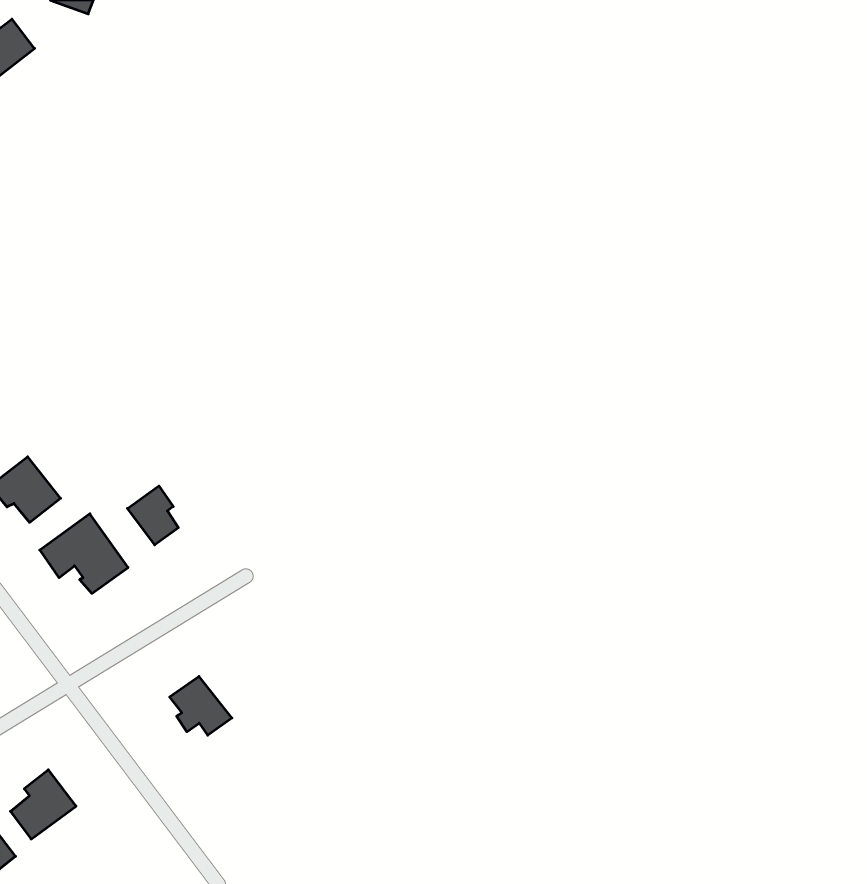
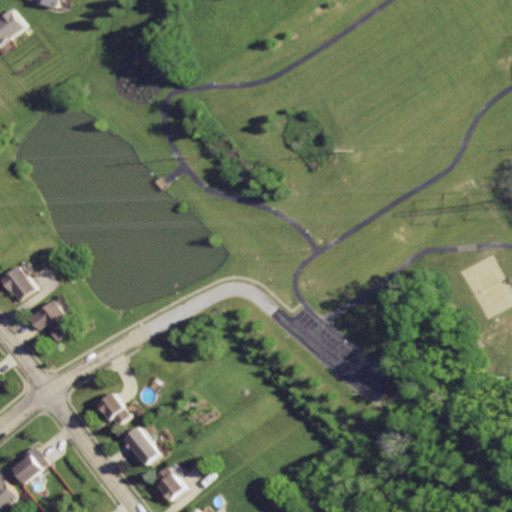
building: [127,486,178,545] -> none
building: none -> [120,423,165,467]
building: none -> [154,467,185,501]

